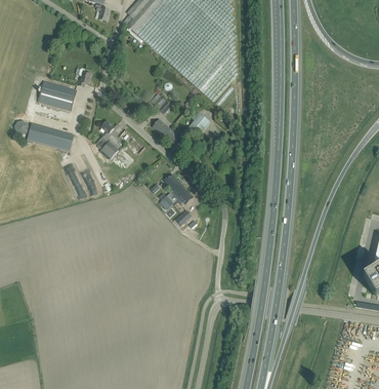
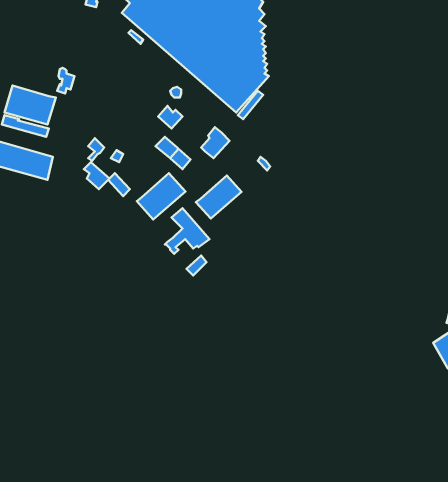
building: none -> [137,173,185,219]
building: none -> [196,175,242,219]

